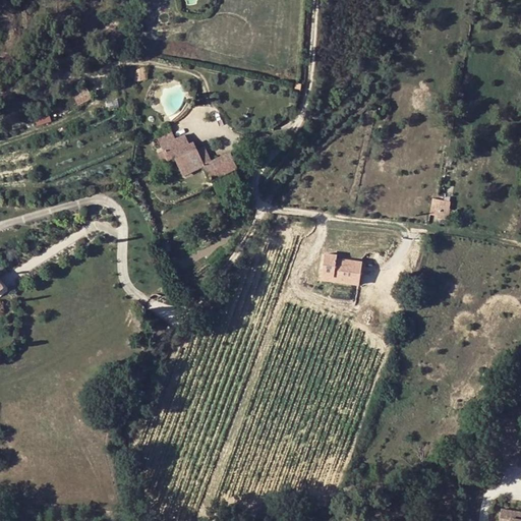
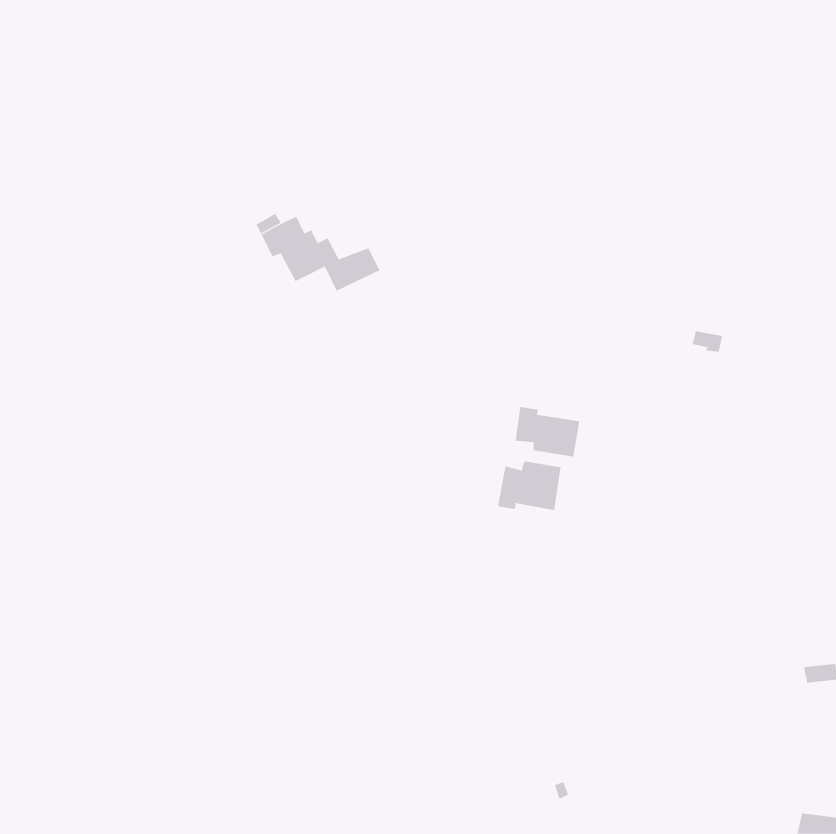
building: none -> [498,460,561,511]

